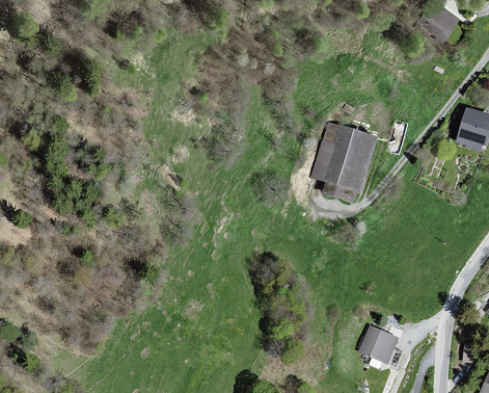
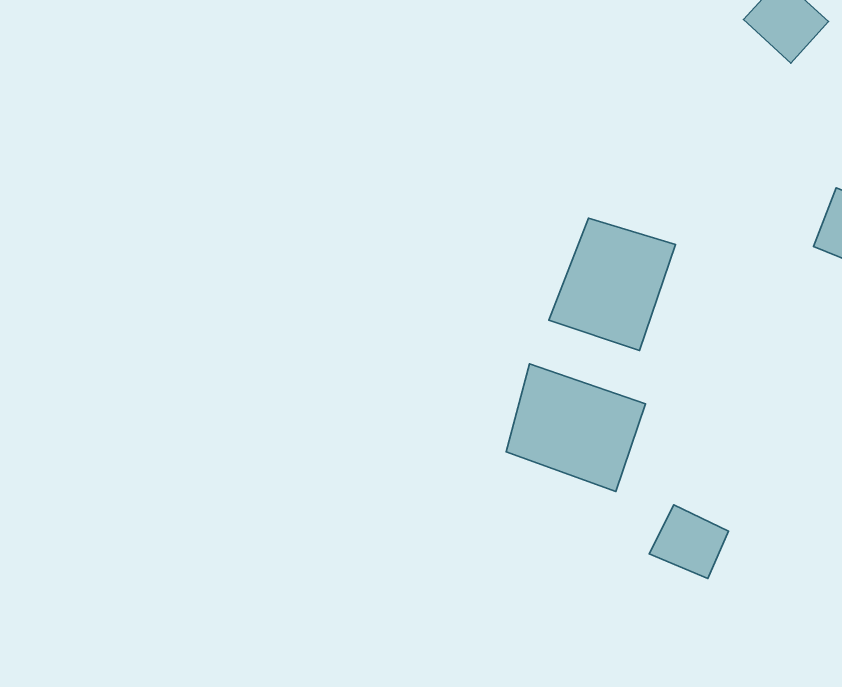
building: none -> [506,364,646,492]
building: [356,324,400,365] -> [649,505,729,579]

